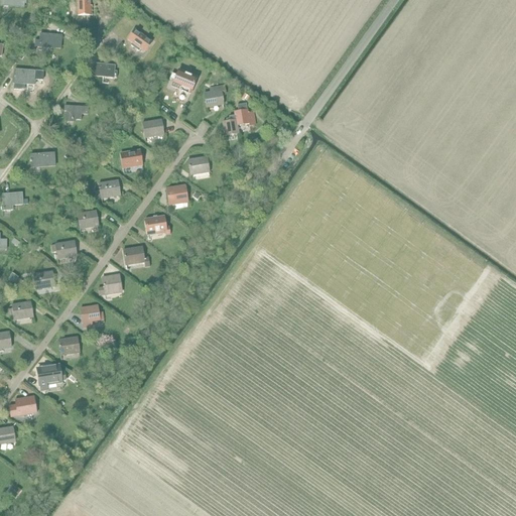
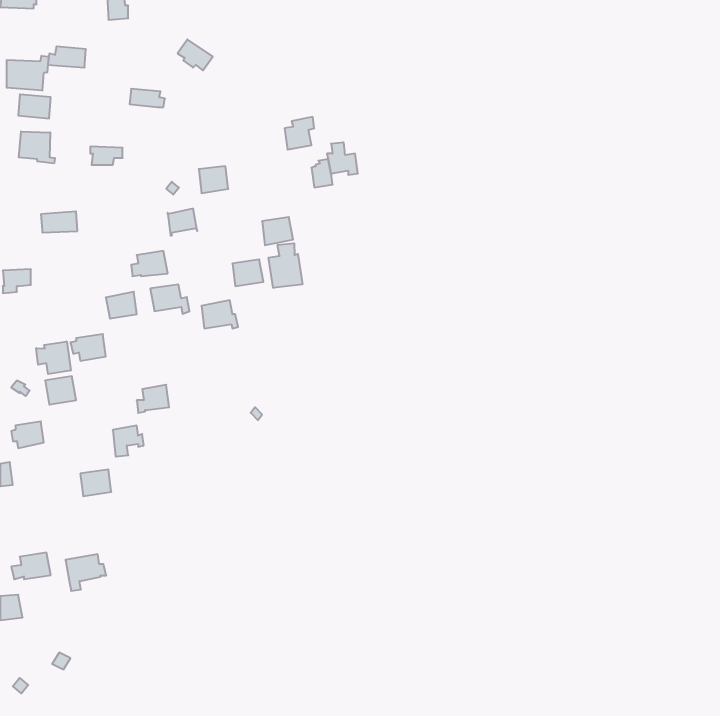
building: none -> [7,56,49,91]
building: [169,68,197,93] -> none
building: none -> [19,131,55,163]
building: none -> [269,243,302,288]
building: none -> [36,341,71,374]
building: [122,246,150,267] -> [150,284,190,314]
building: [36,364,66,390] -> [65,554,106,591]

